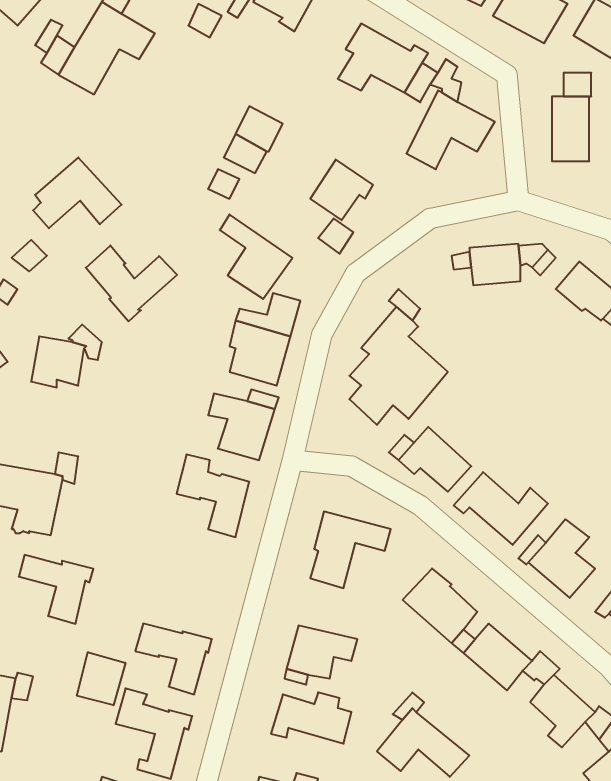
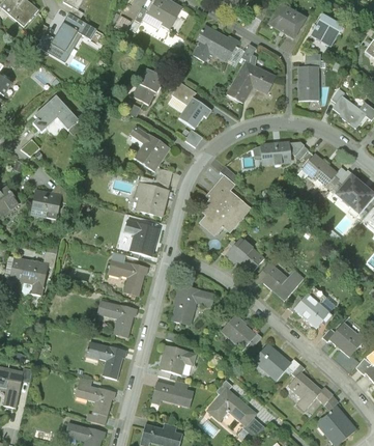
building: [86,245,177,321] -> none
building: [19,555,93,624] -> [95,302,135,338]
building: [77,652,125,705] -> none

